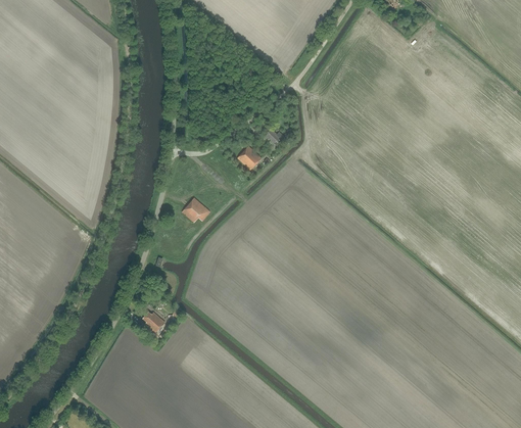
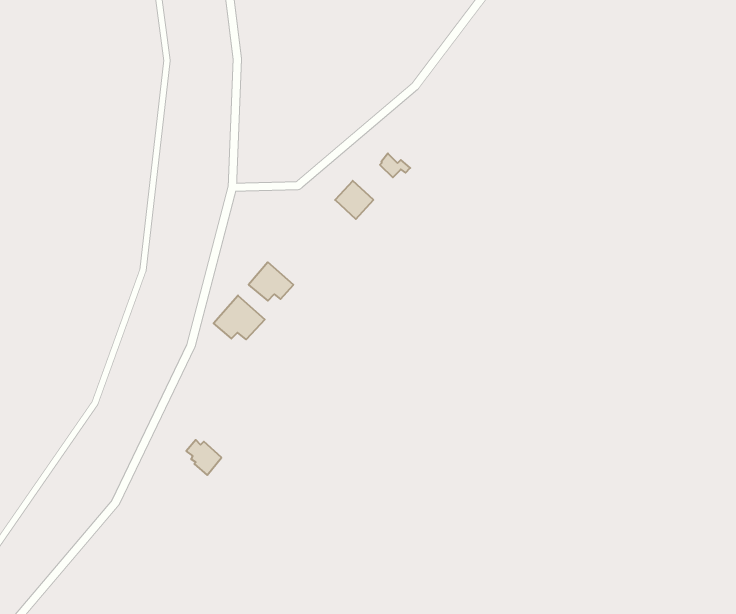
building: none -> [214,295,265,339]

